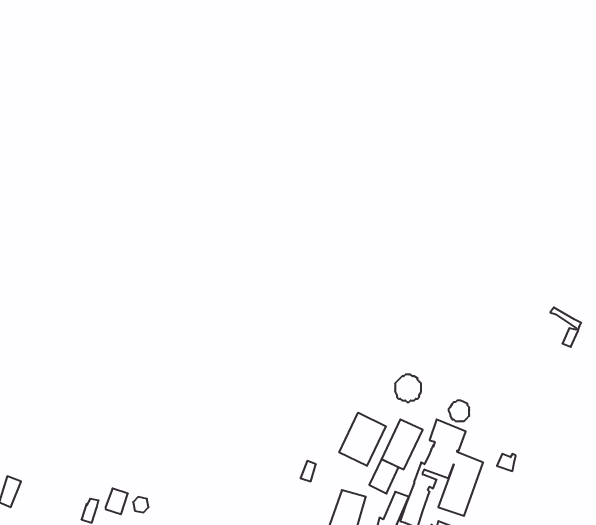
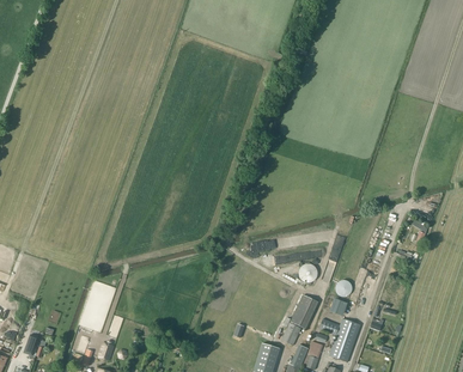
building: [339,413,386,466] -> none

